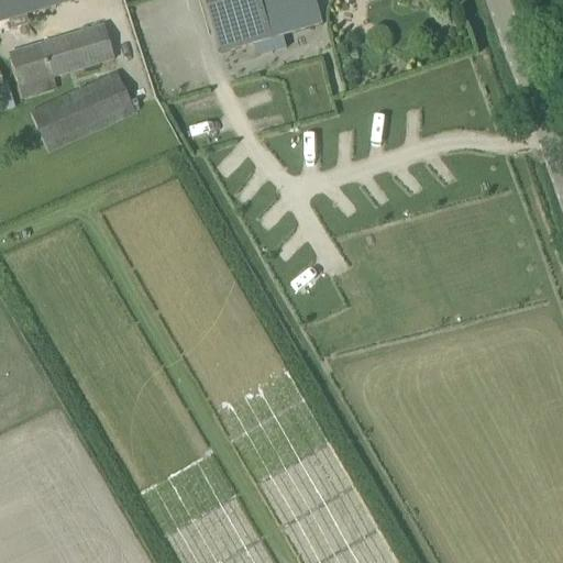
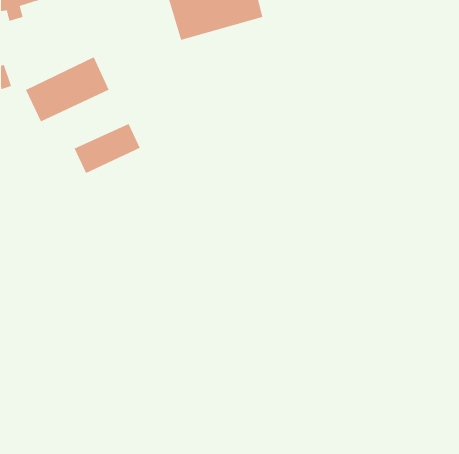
building: [8,23,113,97] -> none
building: none -> [74,123,140,174]

